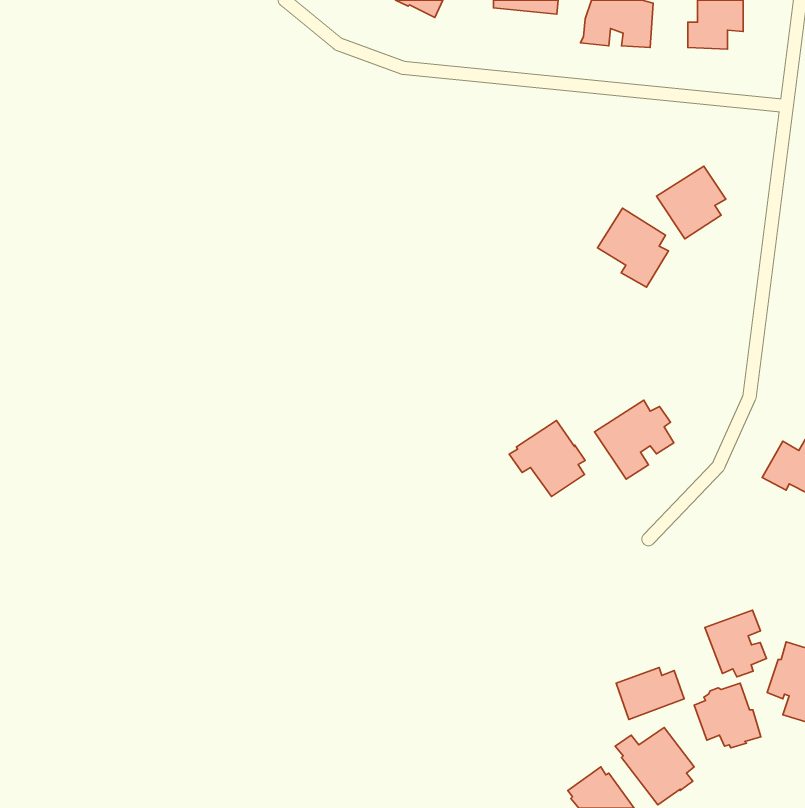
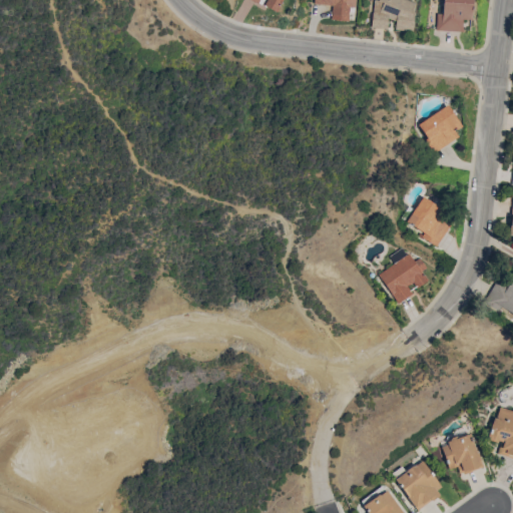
building: [597,208,669,287] -> [407,196,452,246]
building: [509,421,585,497] -> none
building: [705,610,766,677] -> none
building: [616,668,684,720] -> none

